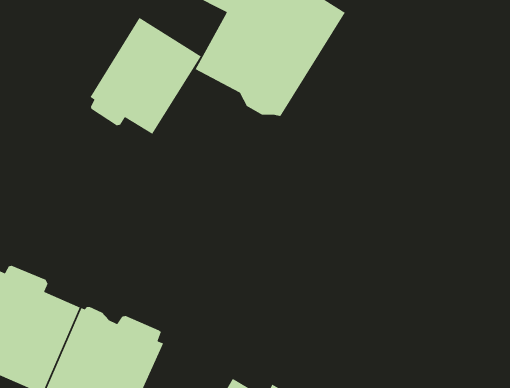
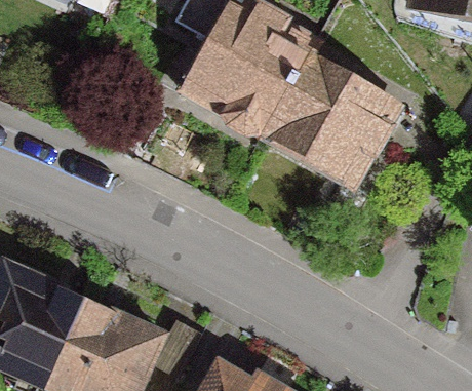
building: none -> [260,37,405,183]
building: [90,17,202,135] -> none

